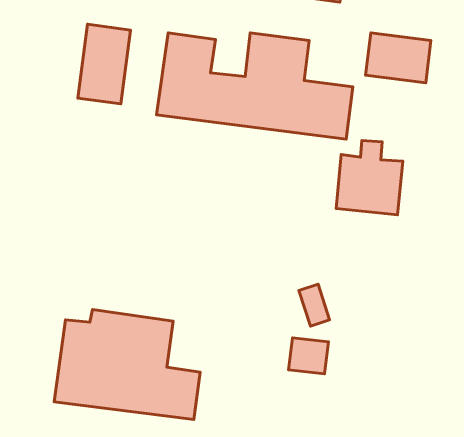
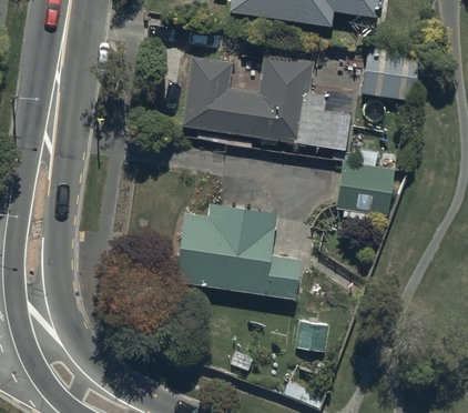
building: [78,24,130,104] -> none
building: [54,309,200,420] -> [175,204,302,300]

